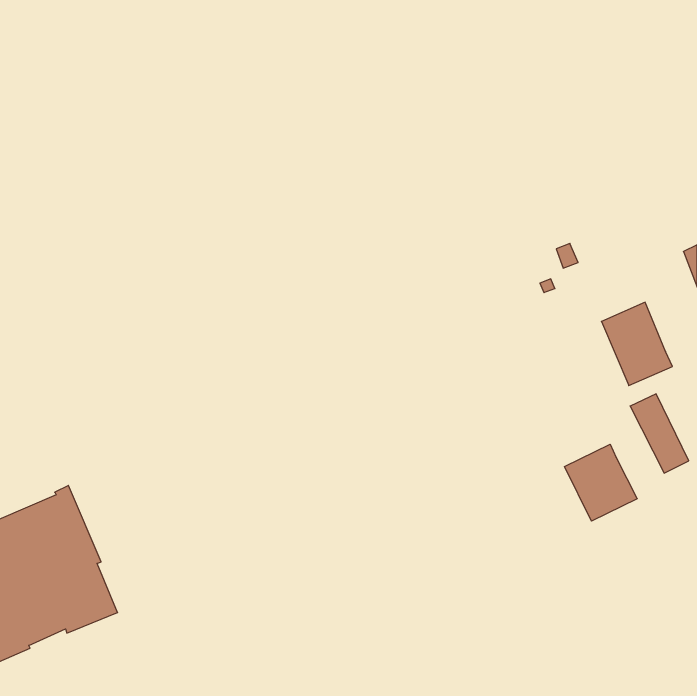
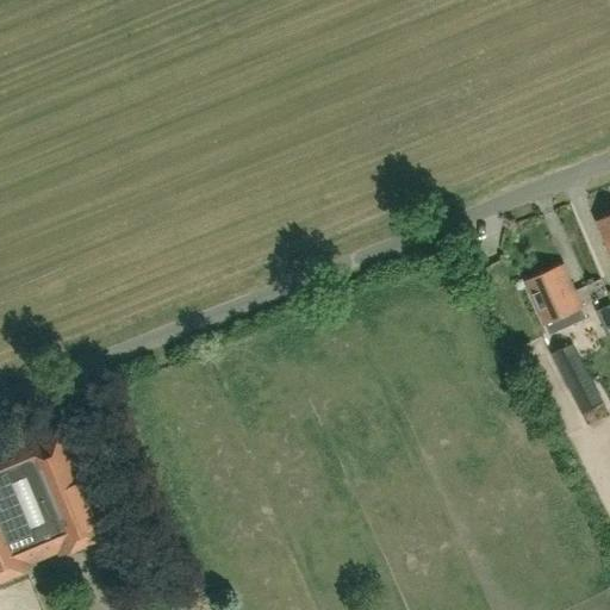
building: [564,444,637,521] -> none

